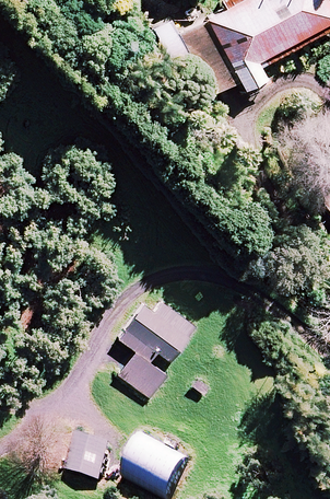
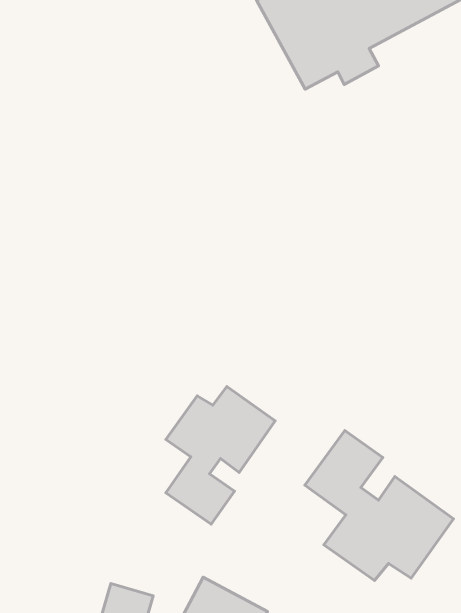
building: none -> [305,431,453,581]

